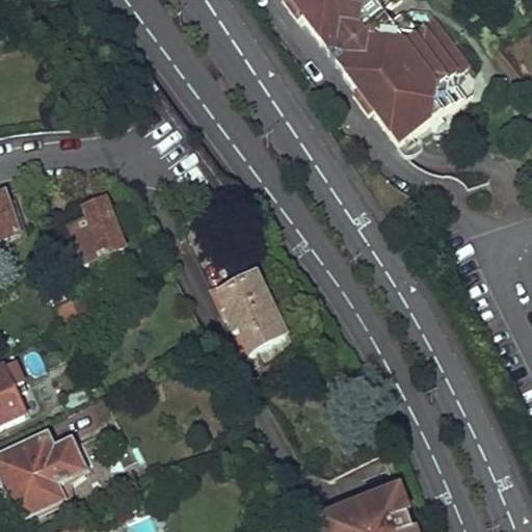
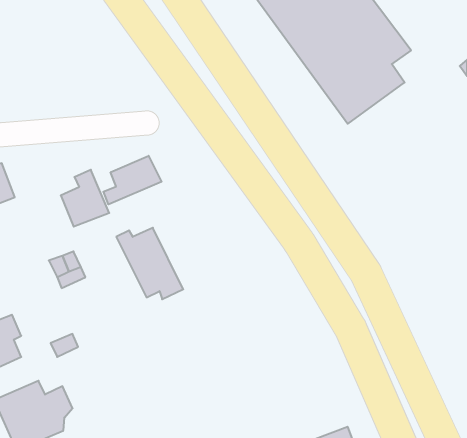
building: none -> [103,156,162,204]
building: [214,272,290,353] -> [116,228,183,299]

